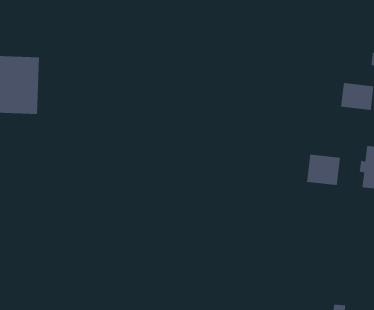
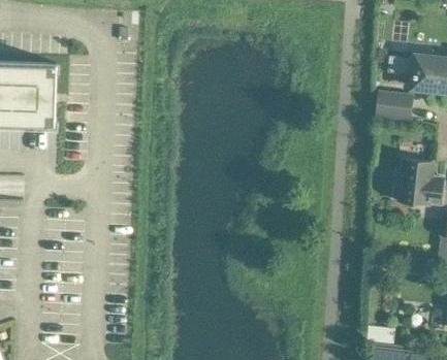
building: [307,154,340,186] -> none

